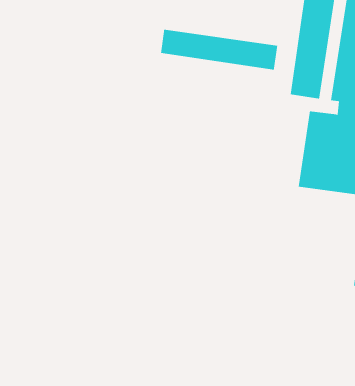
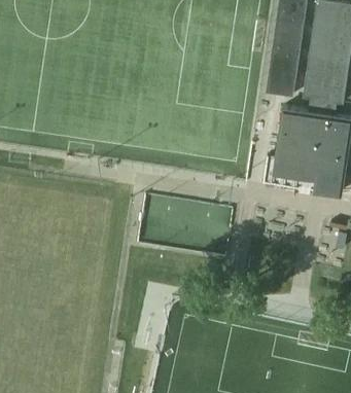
building: [160,29,278,71] -> none

